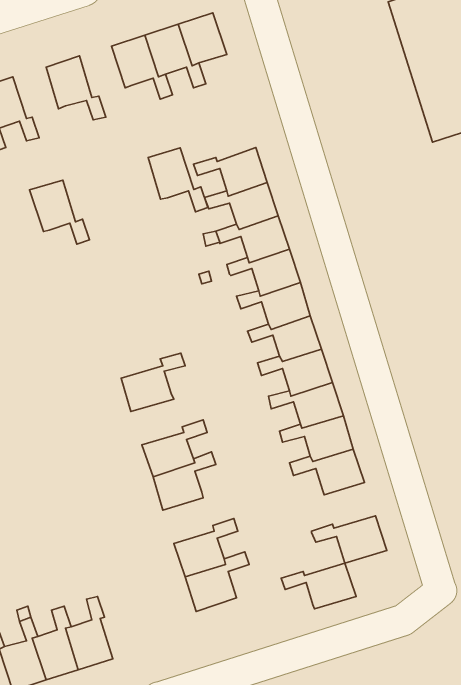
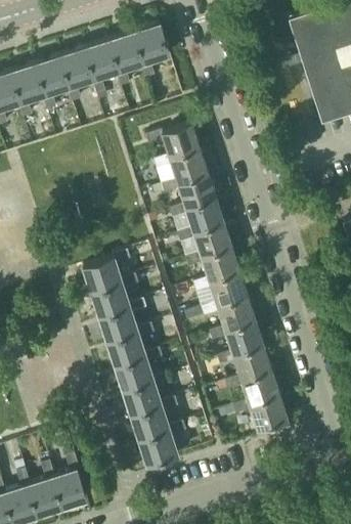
building: [148,148,208,212] -> [61,50,105,97]
building: [30,180,89,244] -> [12,66,56,113]
building: none -> [83,252,131,295]
building: none -> [99,301,147,344]
building: none -> [123,374,170,417]
building: [281,563,356,609] -> [224,372,279,405]

